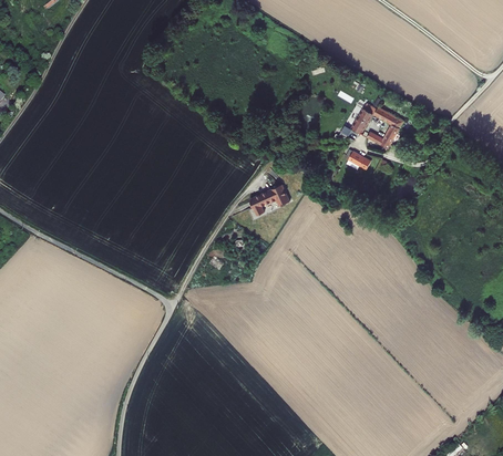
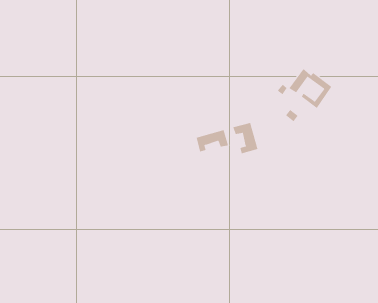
building: none -> [232,122,258,154]

